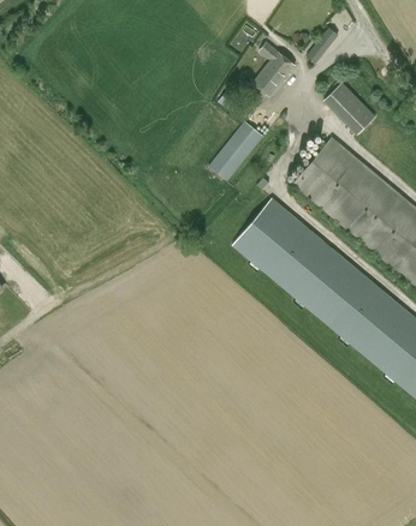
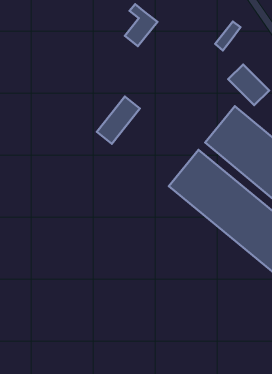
building: [251,44,293,98] -> [125,4,157,46]
building: [207,122,262,184] -> [97,96,140,144]

